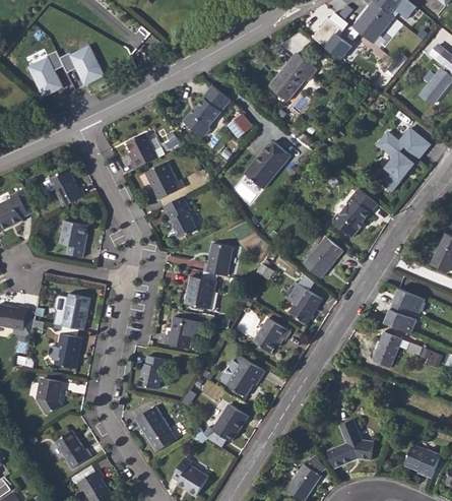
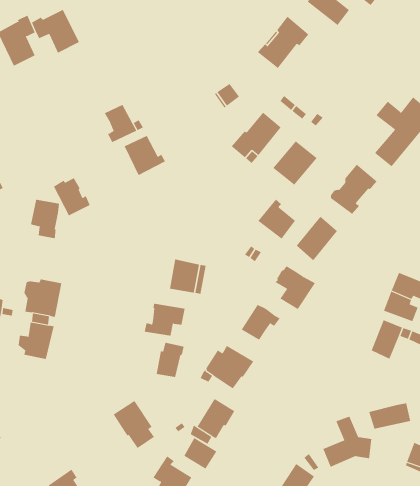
building: [184,84,231,135] -> none
building: none -> [272,141,318,186]
building: [49,171,83,206] -> [53,178,91,216]
building: [163,196,197,237] -> none
building: none -> [258,199,296,239]
building: [204,243,233,274] -> none
building: [139,355,166,387] -> [156,342,185,377]
building: [36,377,61,415] -> none
building: none -> [368,402,411,430]
building: [54,430,90,468] -> none
building: none -> [183,437,217,470]

